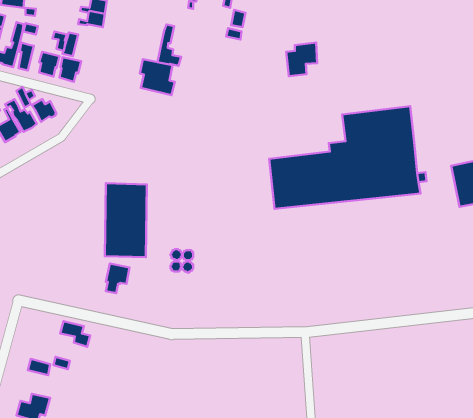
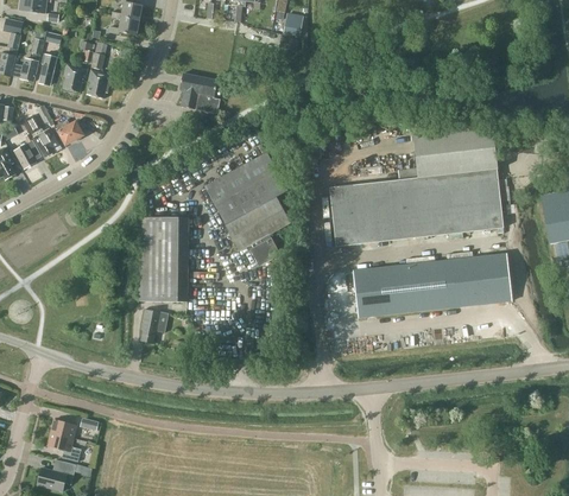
building: [157,25,181,66] -> none
building: [286,42,317,76] -> none
building: none -> [204,152,290,266]
building: none -> [353,250,512,317]
building: [60,321,90,347] -> [46,432,81,462]

